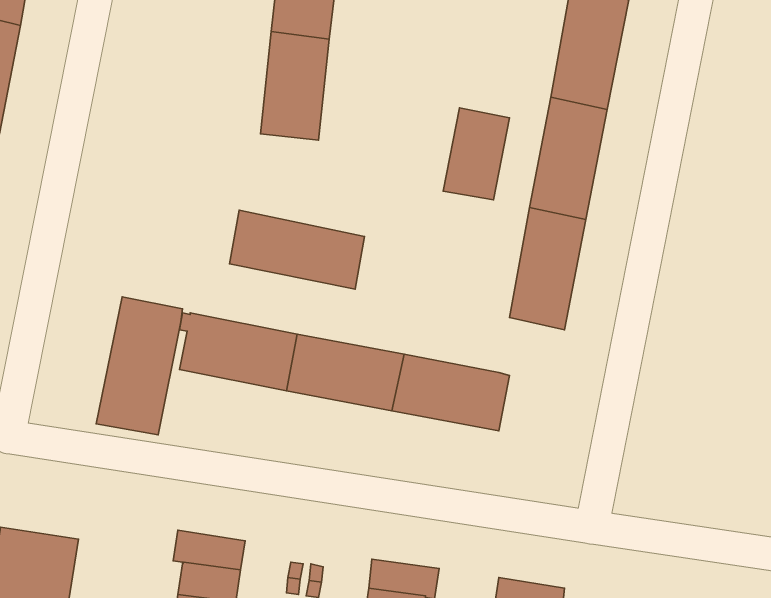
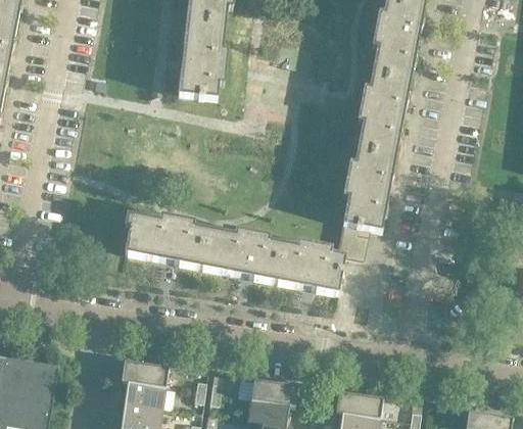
building: [443,108,509,200] -> none
building: [230,210,364,289] -> none
building: [96,297,182,435] -> none
building: none -> [337,217,381,259]

